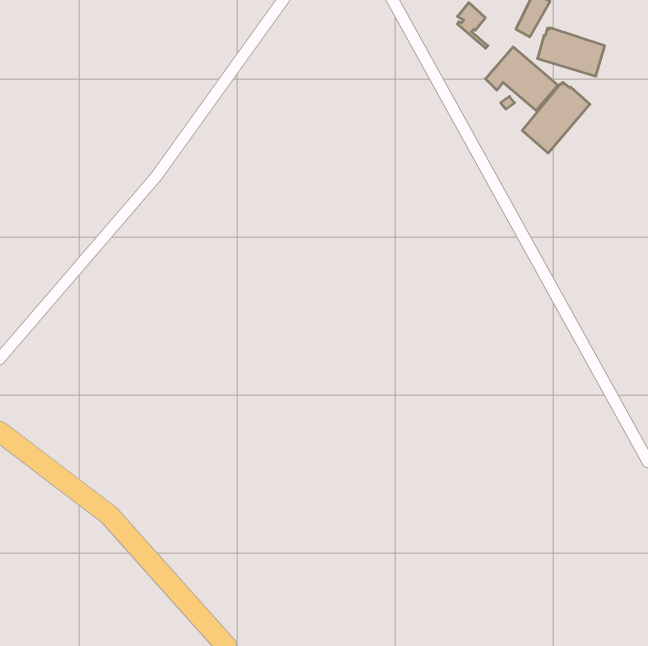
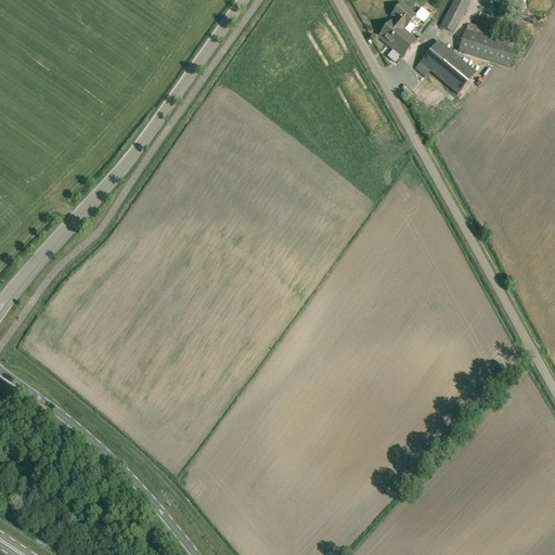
building: none -> [377,21,414,56]
building: [522,82,590,153] -> none

